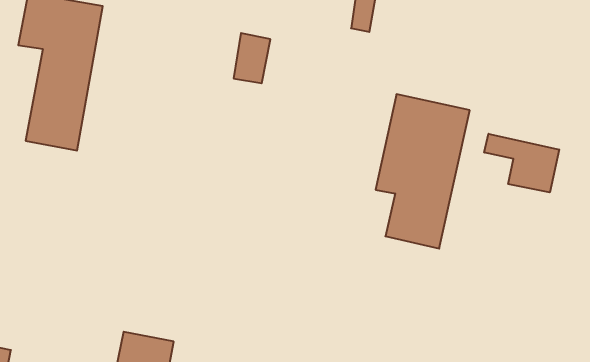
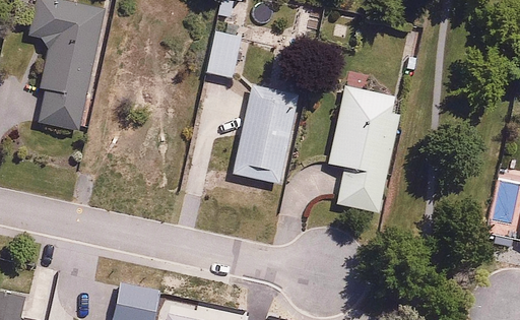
building: none -> [232,92,300,184]
building: [484,134,559,192] -> none

